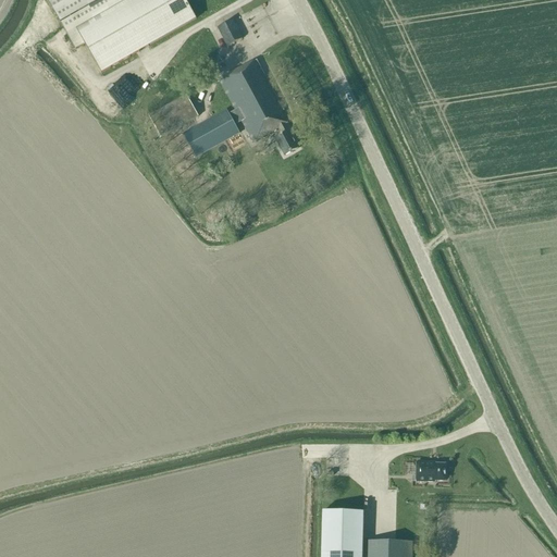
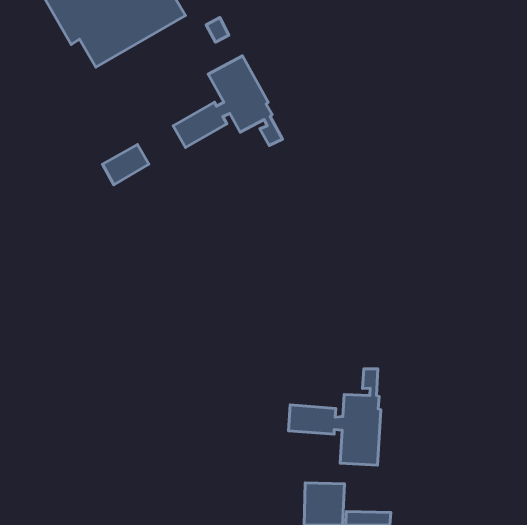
building: [149,94,198,136] -> [102,145,149,185]
building: none -> [288,369,381,465]
building: [416,460,445,481] -> none

